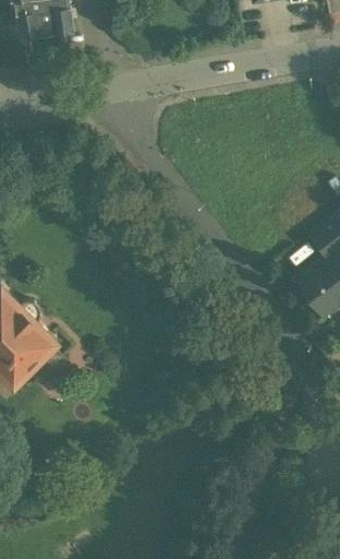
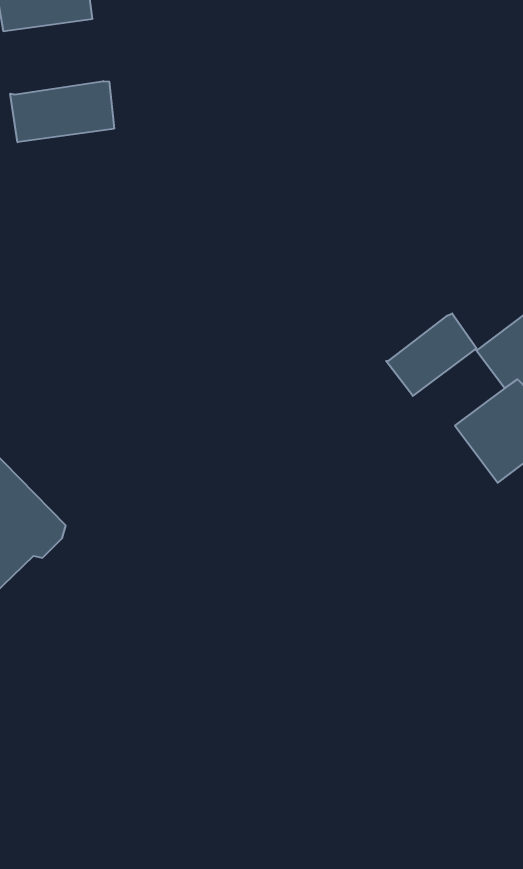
building: none -> [10,81,114,142]
building: none -> [386,313,476,396]

